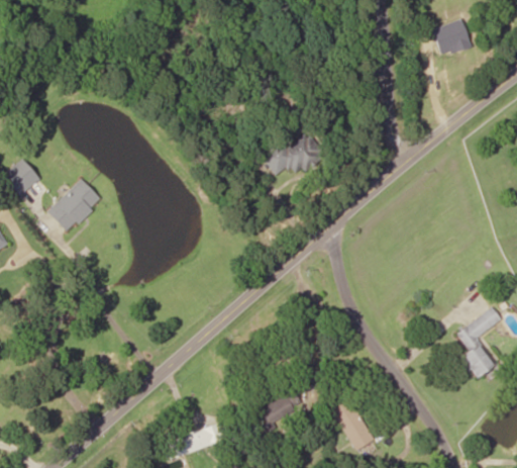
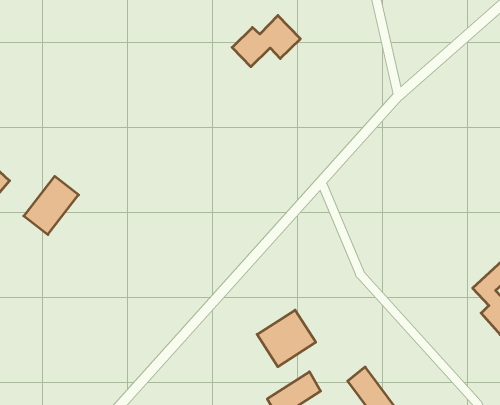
building: [260,131,324,176] -> [232,15,300,67]
building: none -> [257,310,316,367]

